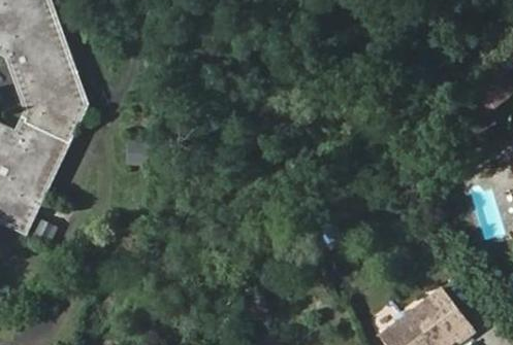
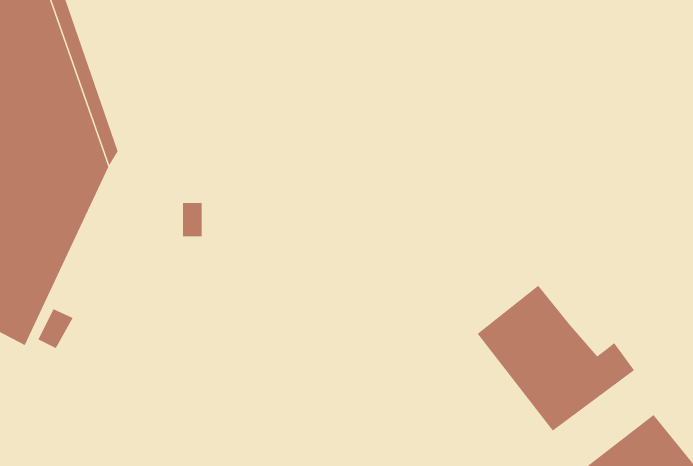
building: none -> [477,285,635,432]

